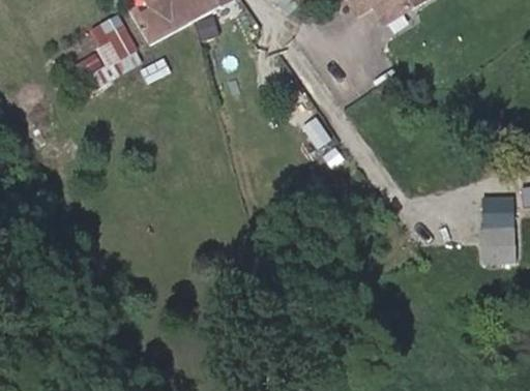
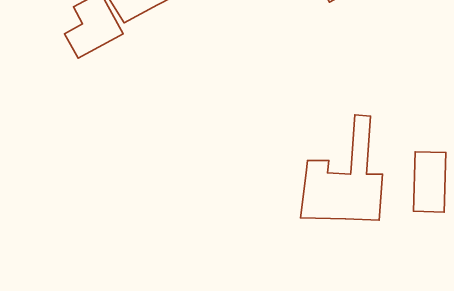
building: none -> [301,115,383,220]

